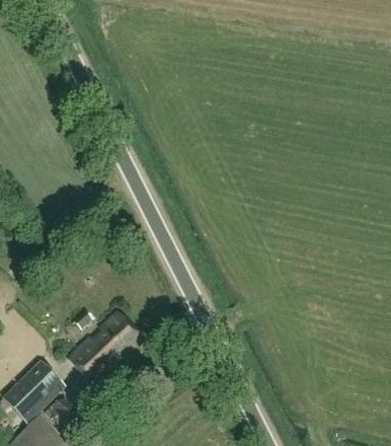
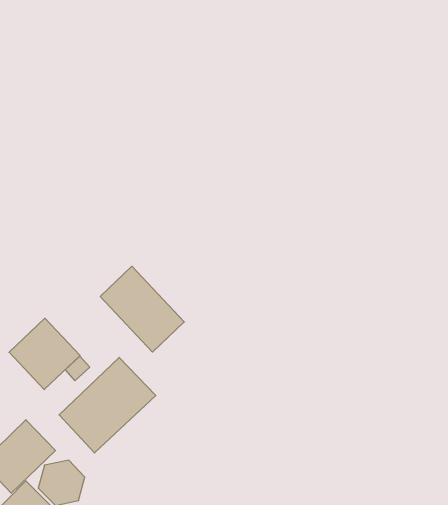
building: none -> [100,266,184,352]
building: none -> [9,318,80,390]

